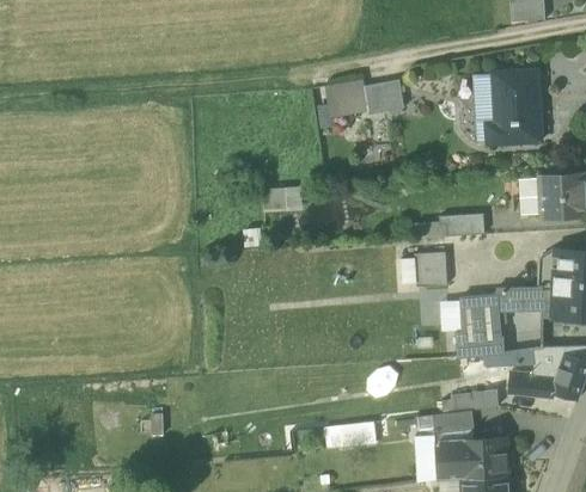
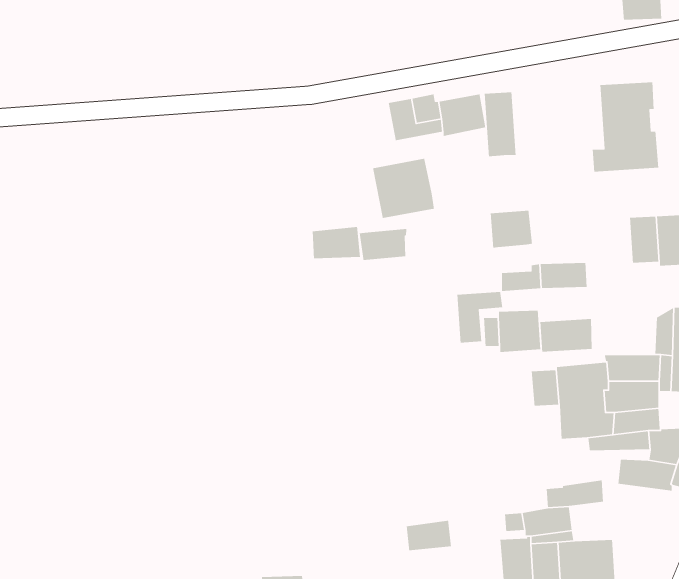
building: [472,73,499,125] -> [484,92,517,157]
building: none -> [372,158,435,219]
building: none -> [490,210,533,249]
building: none -> [359,228,407,261]
building: none -> [457,291,503,343]
building: none -> [539,318,593,353]

